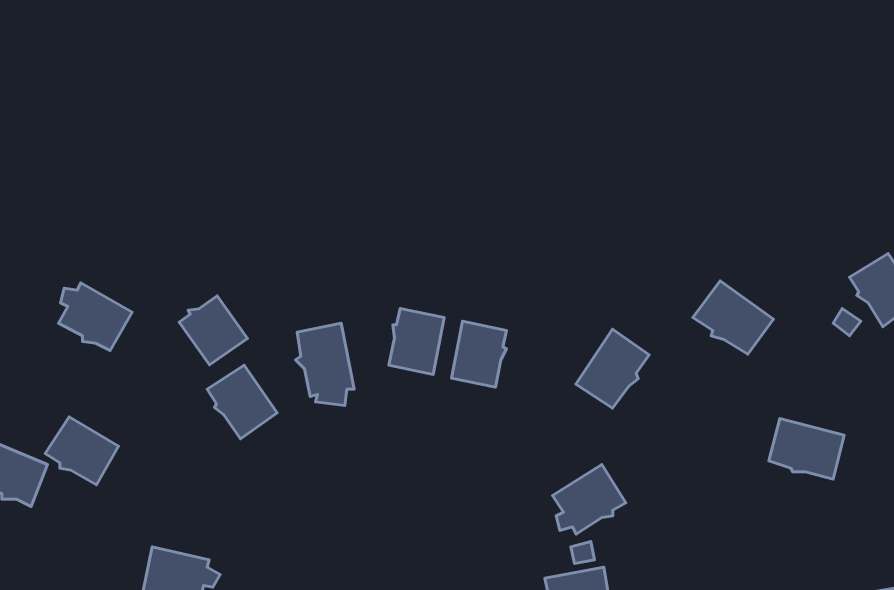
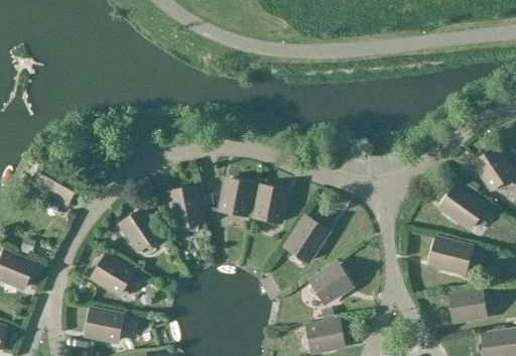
building: [693,281,773,354] -> [440,187,485,227]
building: [179,296,247,365] -> none
building: [576,329,649,408] -> [286,217,327,260]
building: [45,417,119,485] -> [92,256,132,293]
building: none -> [446,286,487,324]

